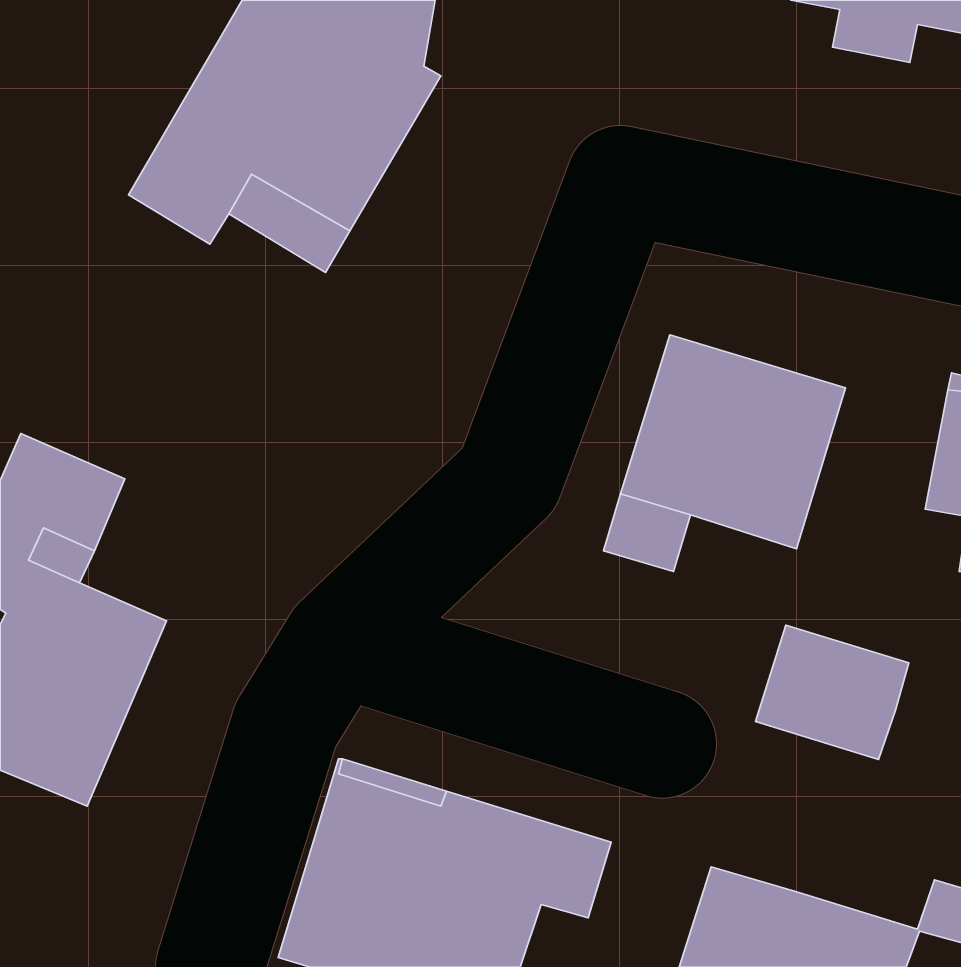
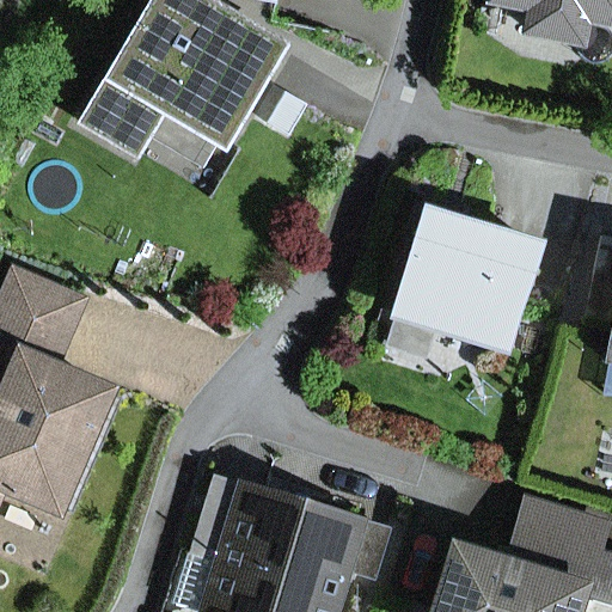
building: [756,625,909,759] -> [506,502,602,587]

